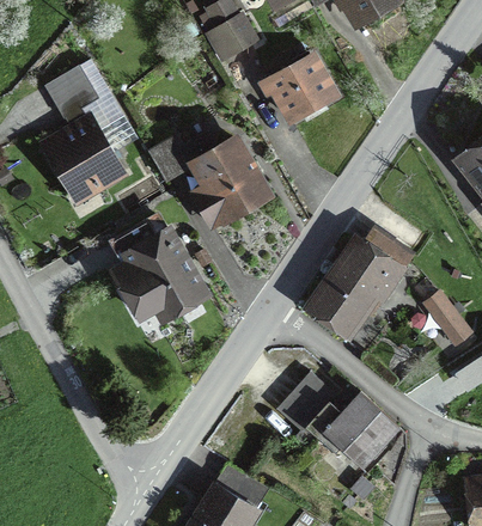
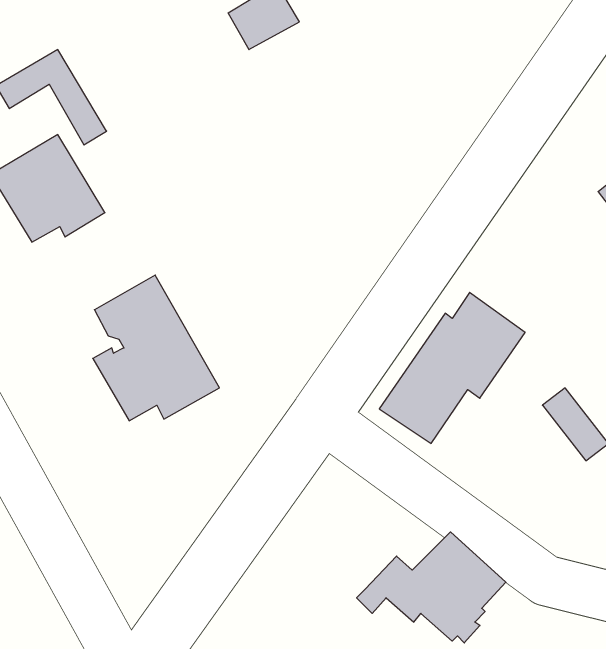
building: [263,57,334,118] -> none
building: [150,132,268,226] -> none
building: [279,373,336,432] -> none

